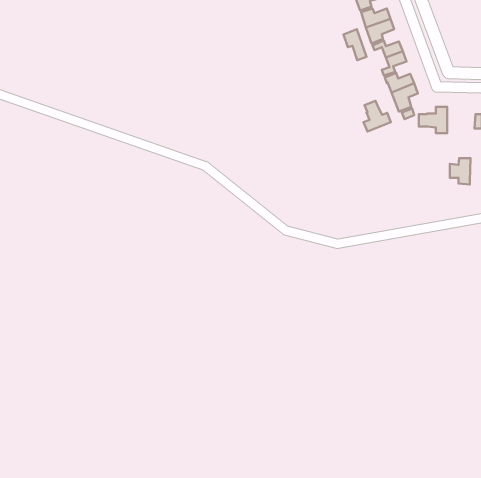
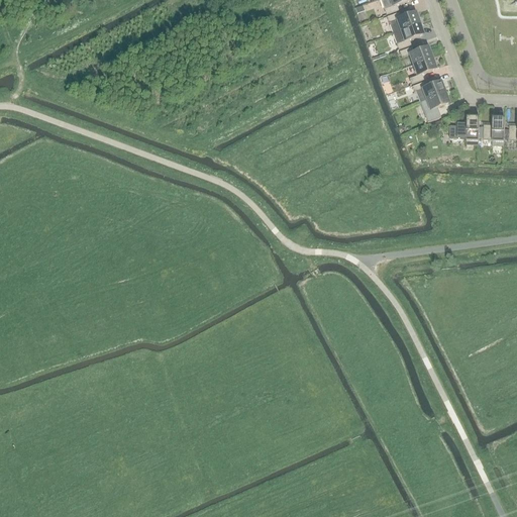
building: [343,29,367,60] -> none
building: [364,101,391,132] -> none
building: [450,158,471,185] -> [484,115,506,143]

